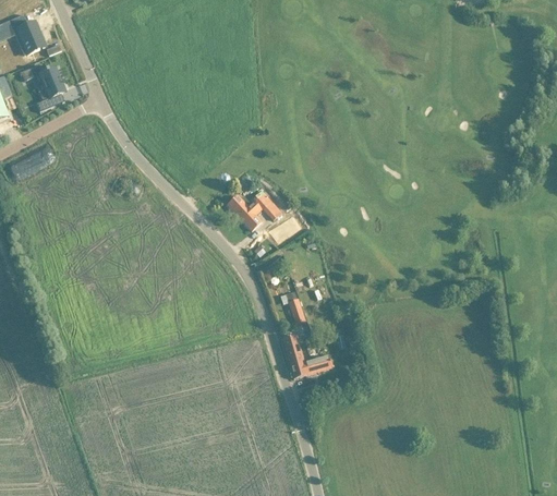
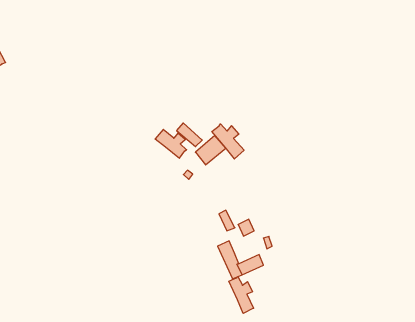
building: none -> [212,124,244,159]
building: none -> [229,277,254,313]

